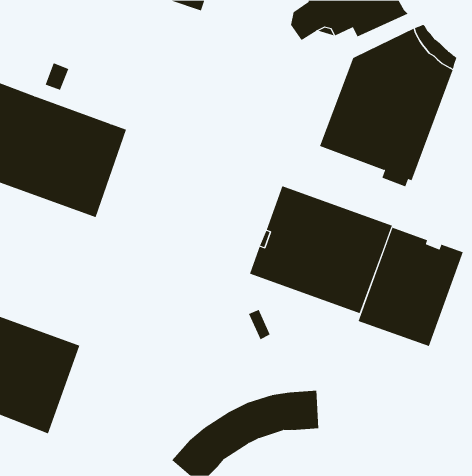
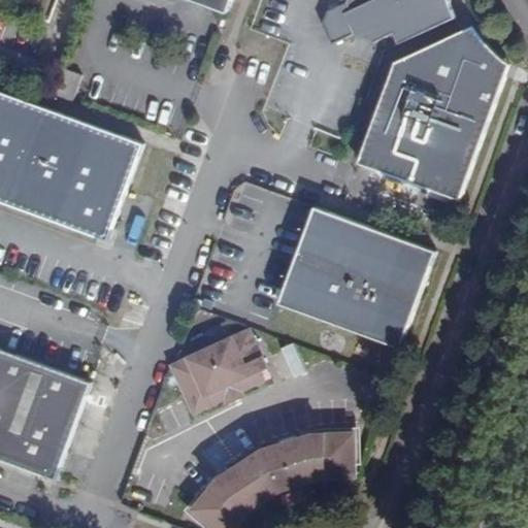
building: [358,227,464,347] -> none
building: none -> [168,331,263,414]

